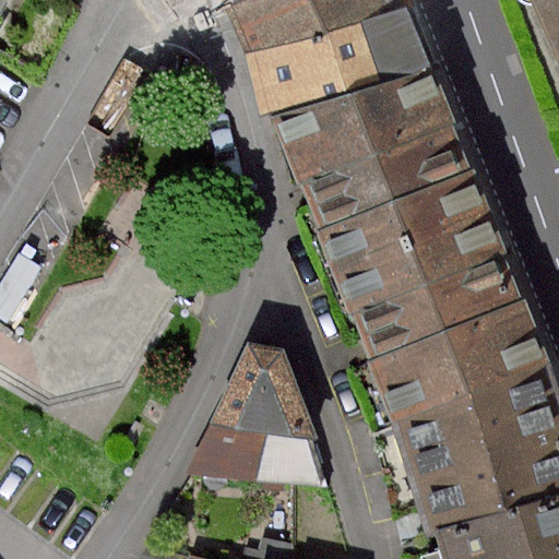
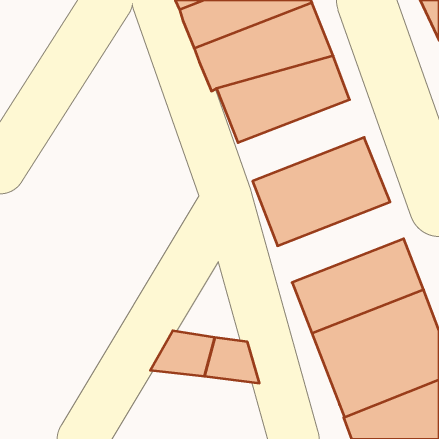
building: [302,127,463,230] -> none
building: [353,257,513,359] -> none
building: [219,338,326,436] -> none

